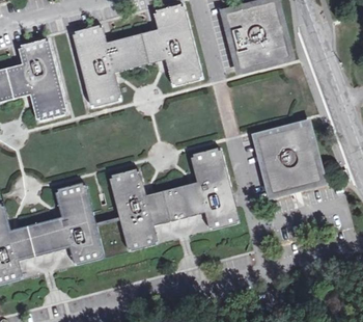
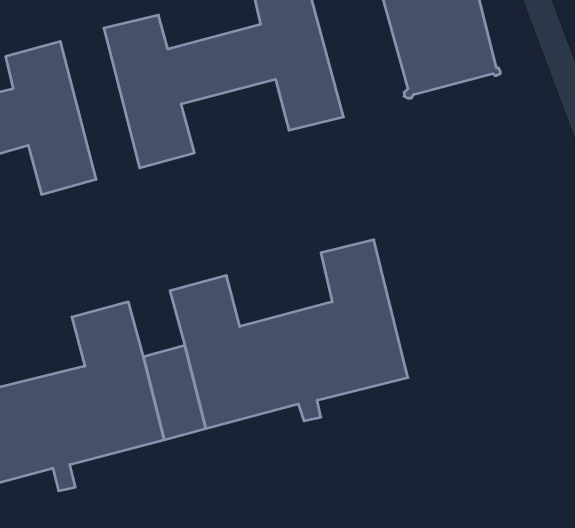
building: [255,122,320,192] -> none

